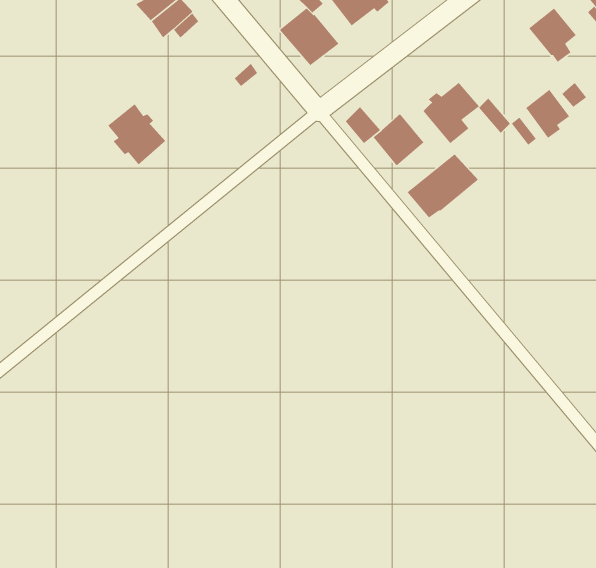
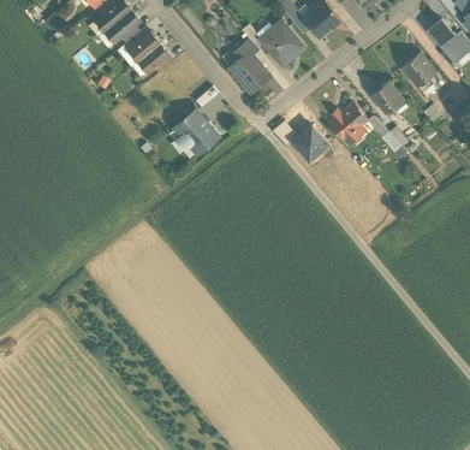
building: [525,89,570,139] -> [370,79,401,114]
building: [107,103,166,165] -> [175,109,216,153]
building: [407,154,479,219] -> none

